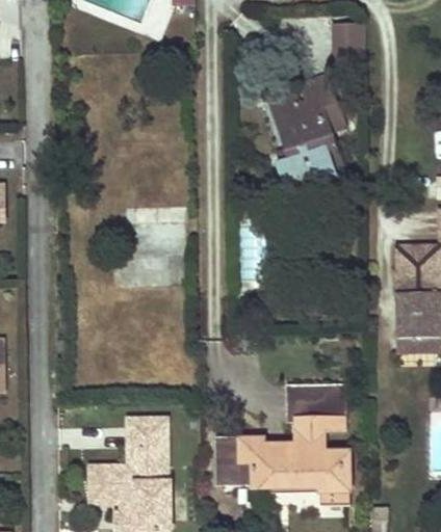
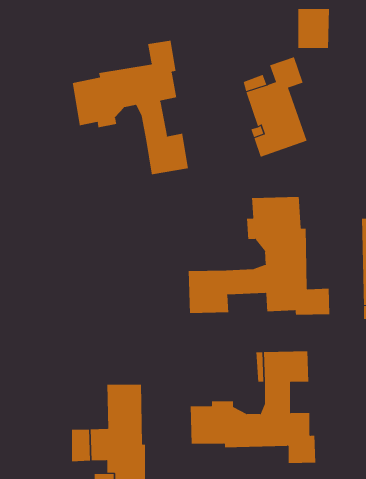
building: none -> [72,40,189,175]
building: none -> [188,196,330,315]

